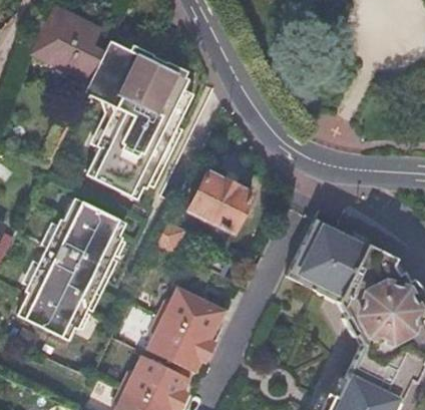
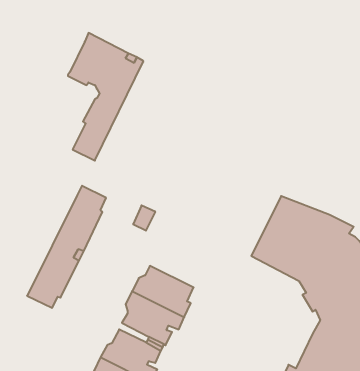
building: [33,12,106,84] -> none
building: [117,69,193,189] -> none
building: [185,170,250,233] -> none
building: [20,191,103,322] -> none

